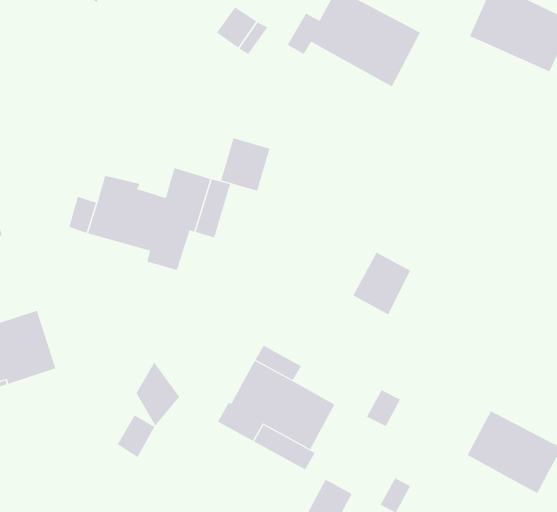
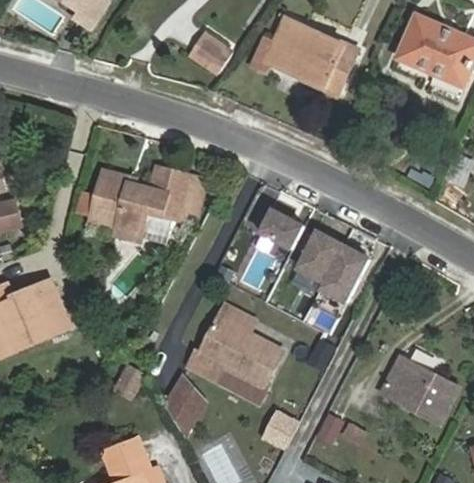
building: [220,138,270,191] -> none
building: none -> [260,207,307,248]
building: none -> [323,246,371,303]
building: [135,361,180,427] -> [169,376,205,429]

